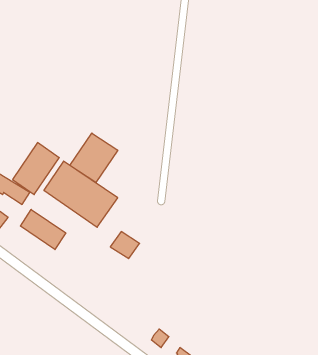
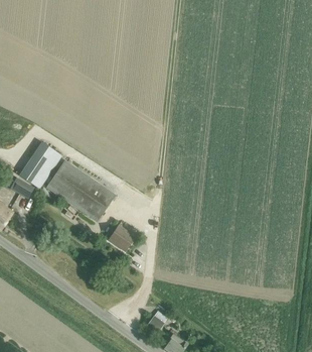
building: [70,133,118,182] -> none
building: [20,209,66,250] -> none

